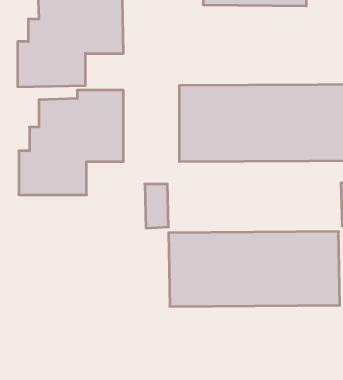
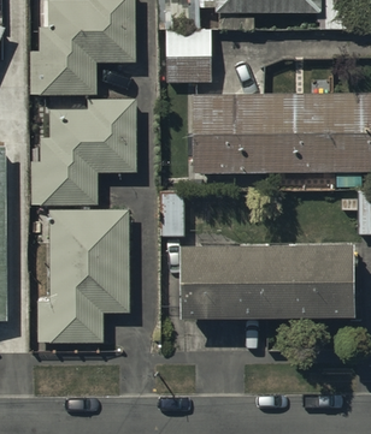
building: none -> [166,28,210,82]
building: none -> [39,210,129,341]

